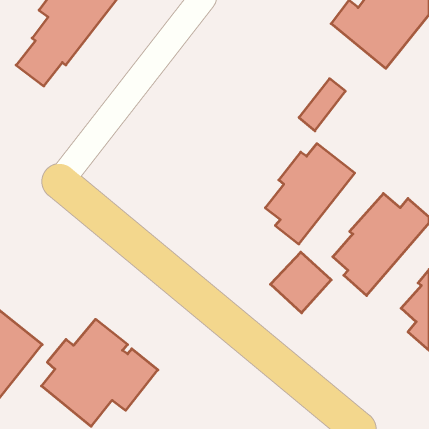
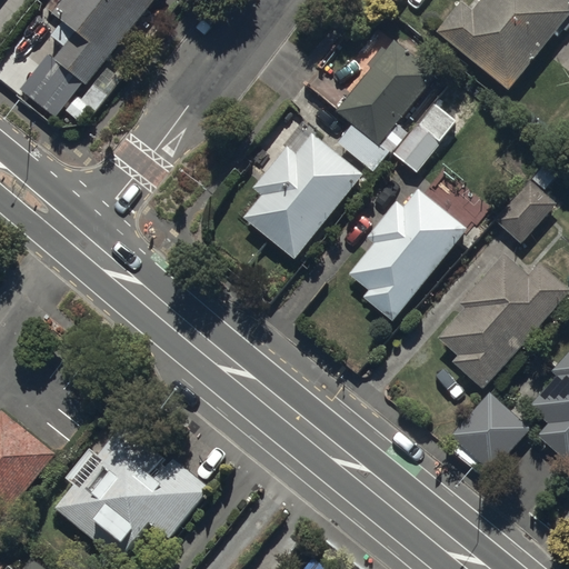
building: none -> [336,41,436,172]
building: none -> [243,133,362,258]
building: none -> [493,164,556,242]
building: [270,252,331,313] -> [450,392,530,472]

